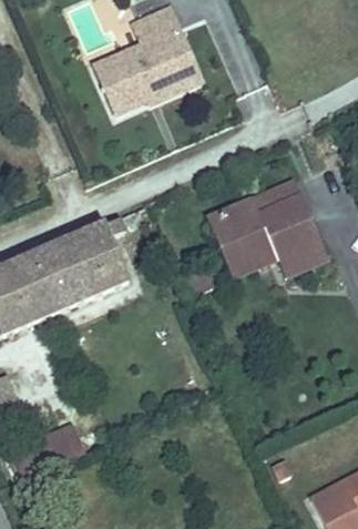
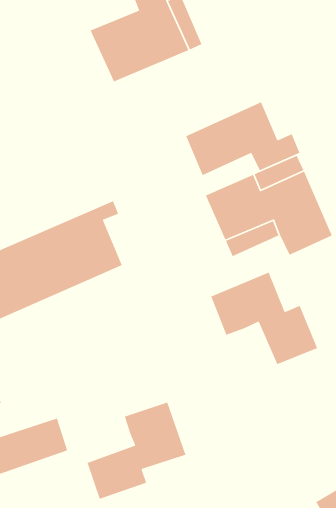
building: none -> [185,101,301,176]
building: none -> [210,271,318,365]
building: none -> [87,402,186,500]

